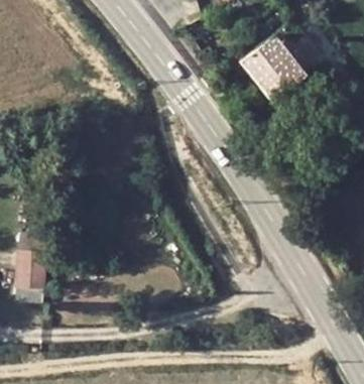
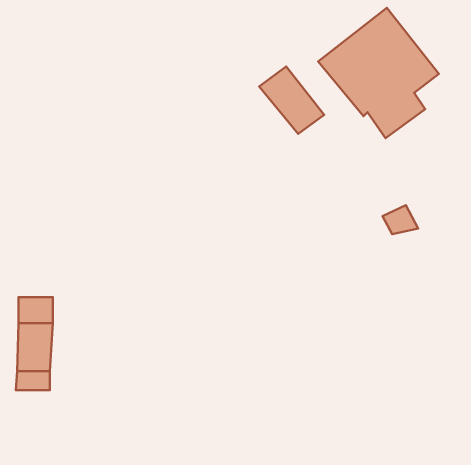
building: none -> [259,67,324,134]

